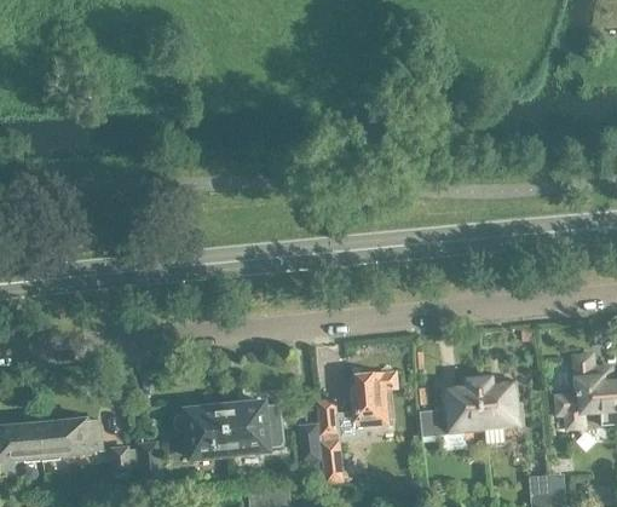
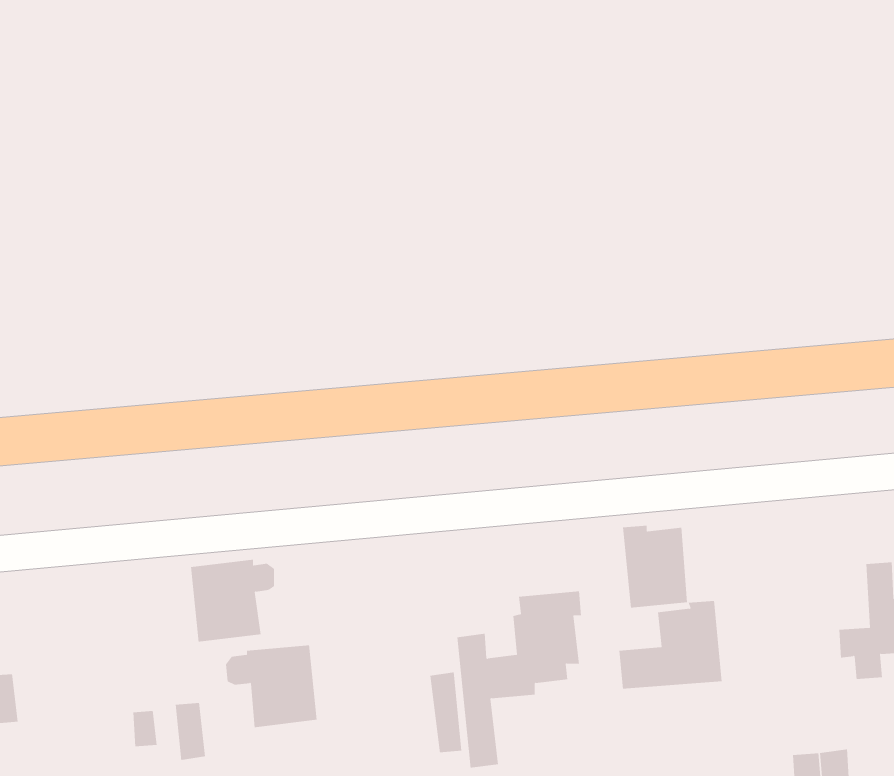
building: [479,376,520,428] -> [622,525,688,608]
building: [225,401,278,453] -> [190,559,275,642]
building: [39,419,102,454] -> none

